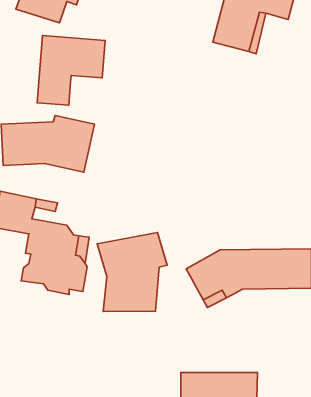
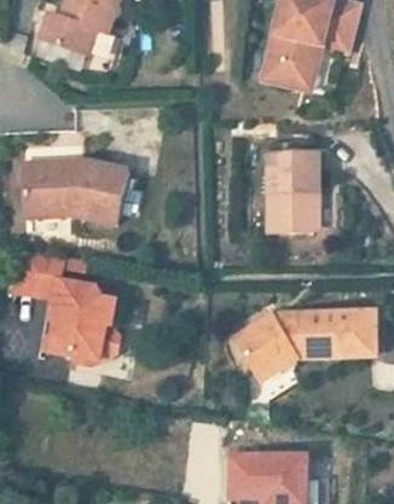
building: [37,36,105,105] -> none
building: none -> [260,151,317,233]
building: [97,232,167,311] -> none

